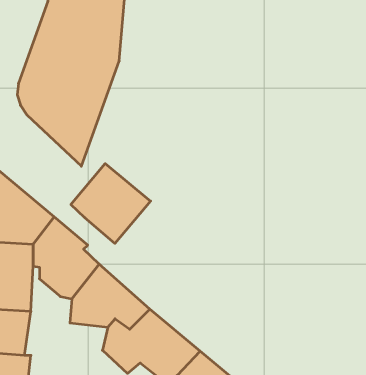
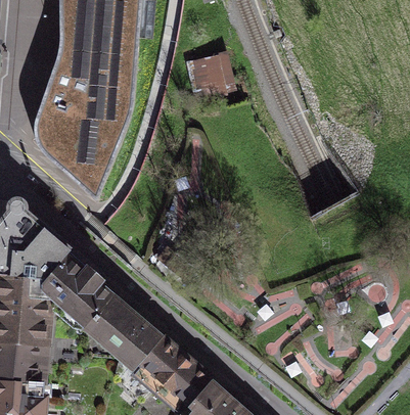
building: none -> [189,53,233,92]
building: [71,164,151,243] -> none

